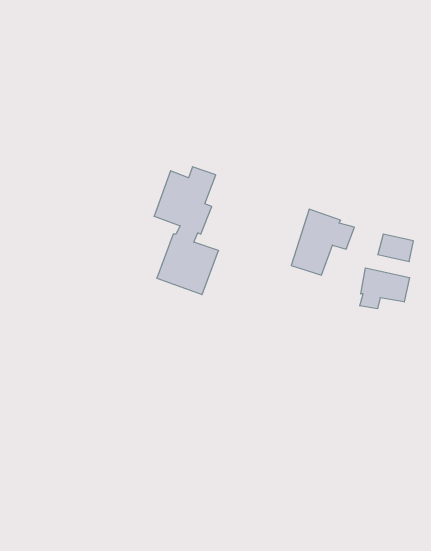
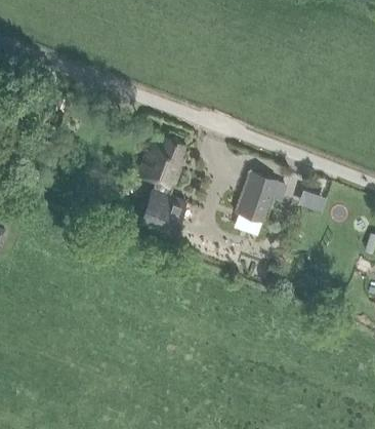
building: [360,268,410,309] -> none

